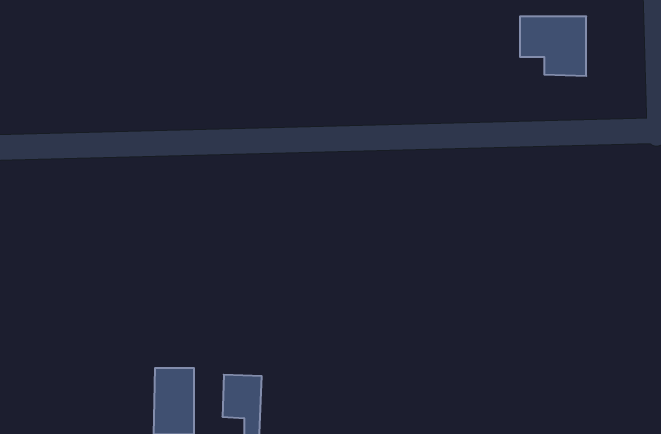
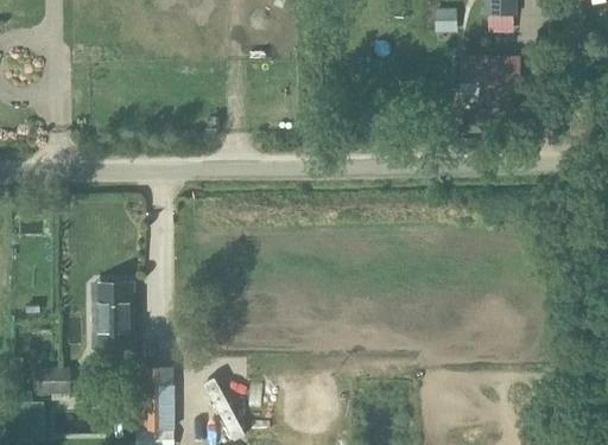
building: none -> [96,280,129,333]
building: none -> [38,365,74,388]

